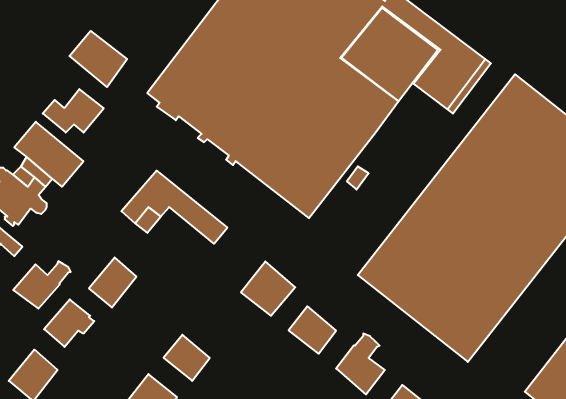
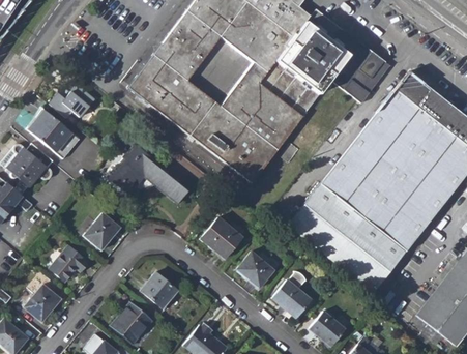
building: [69,31,127,87] -> none
building: [13,261,71,309] -> none

